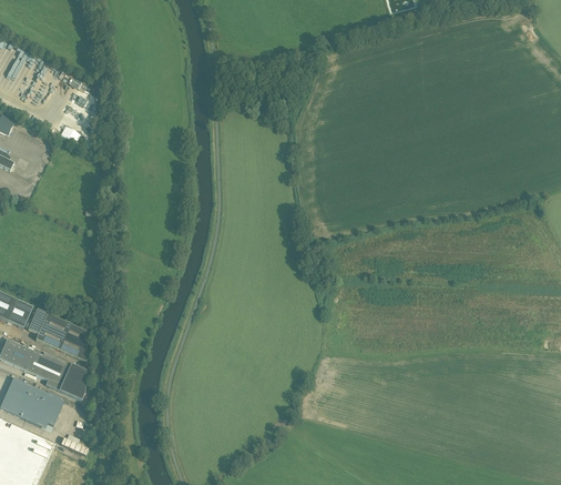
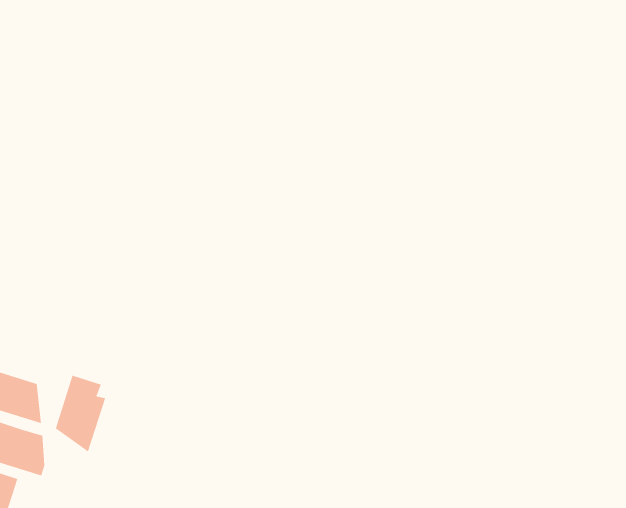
building: none -> [55,375,106,452]

